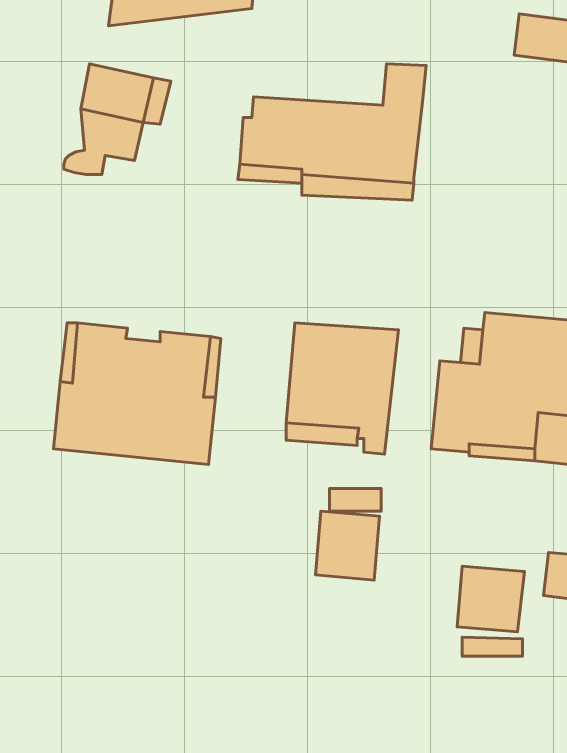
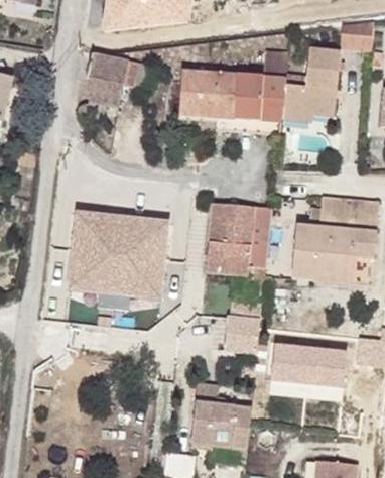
building: none -> [281,48,341,120]
building: none -> [270,341,309,380]
building: none -> [191,383,251,448]

